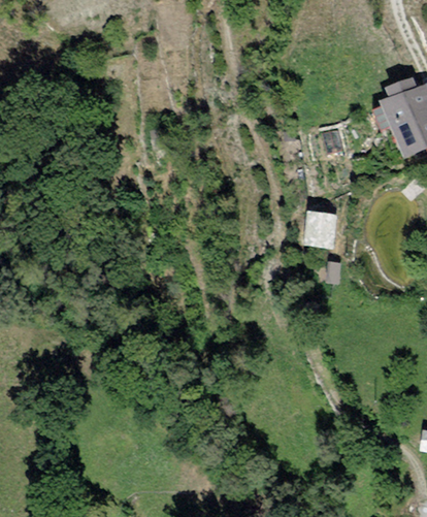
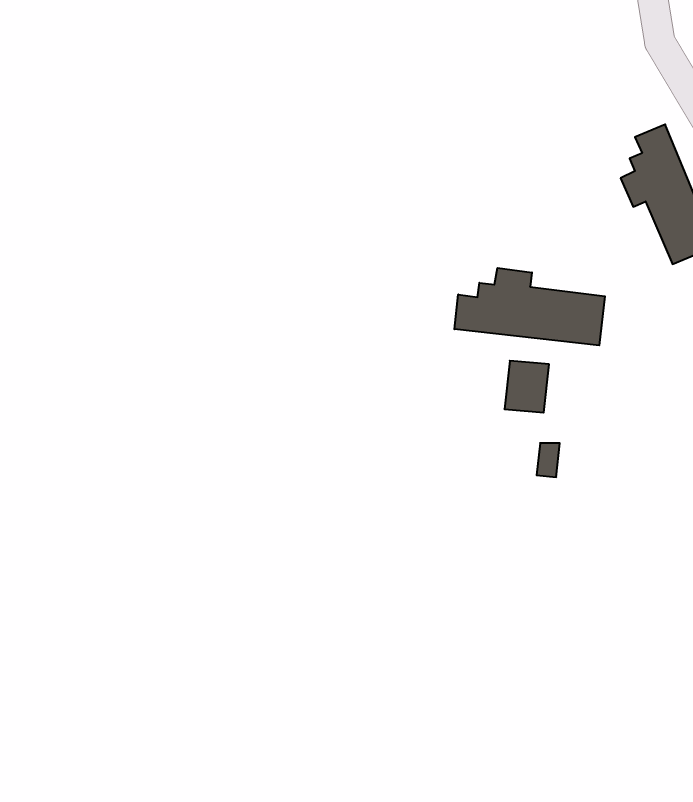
building: none -> [454,268,605,345]

